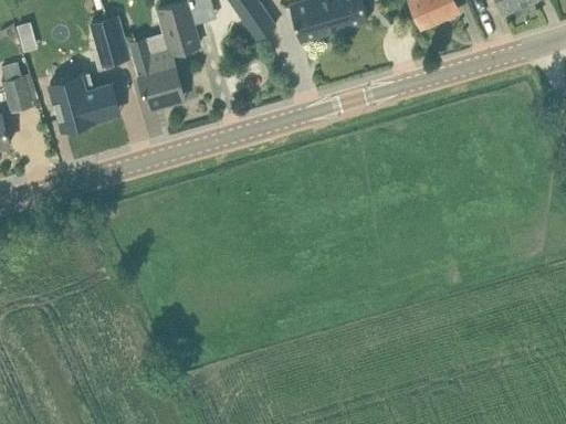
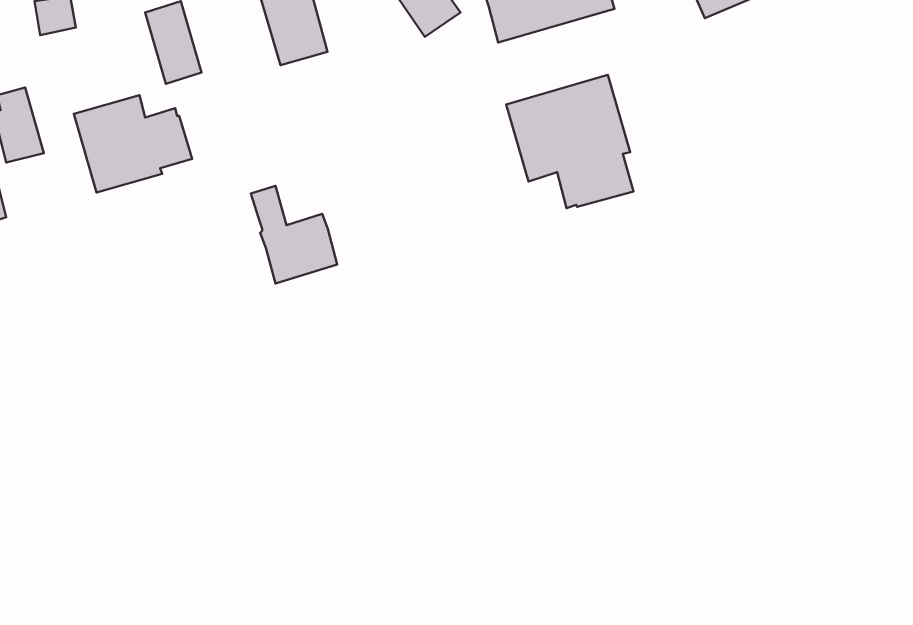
building: [133,50,184,107] -> [251,186,337,283]
building: none -> [506,75,633,208]

